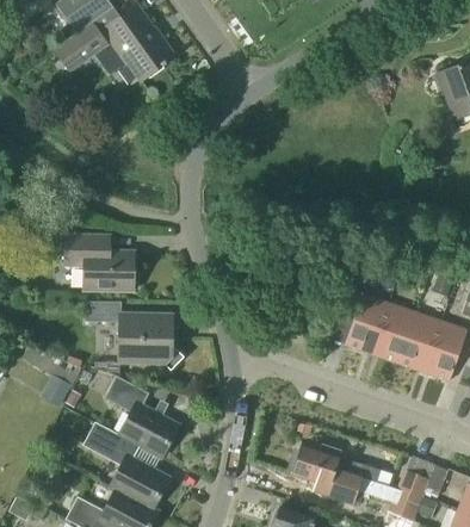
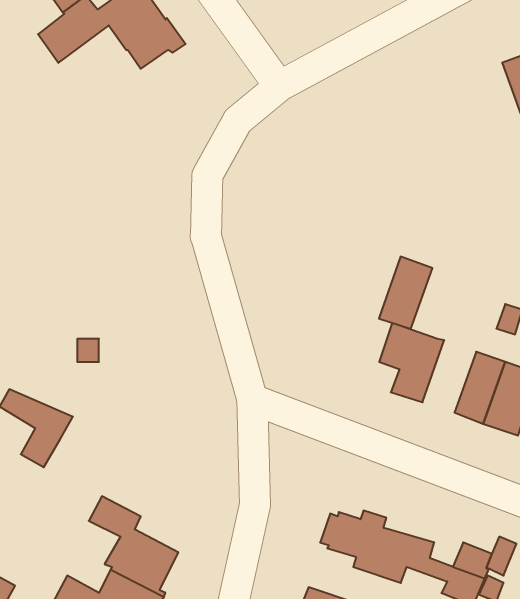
building: [63,234,135,291] -> none
building: [371,303,415,362] -> [379,257,432,329]
building: [119,314,185,371] -> none
building: [104,377,179,459] -> none

